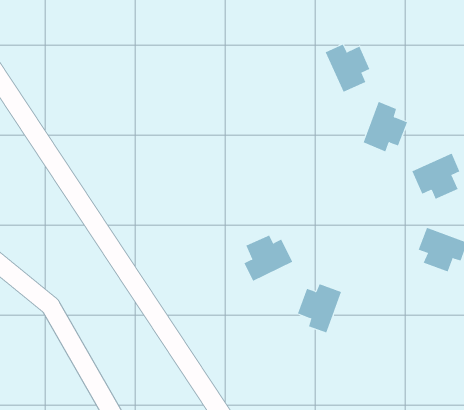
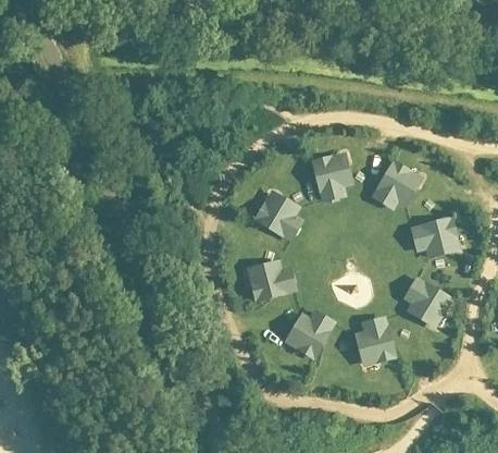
building: [325,44,370,92] -> [311,157,348,199]
building: none -> [253,196,299,238]
building: none -> [354,318,391,360]

